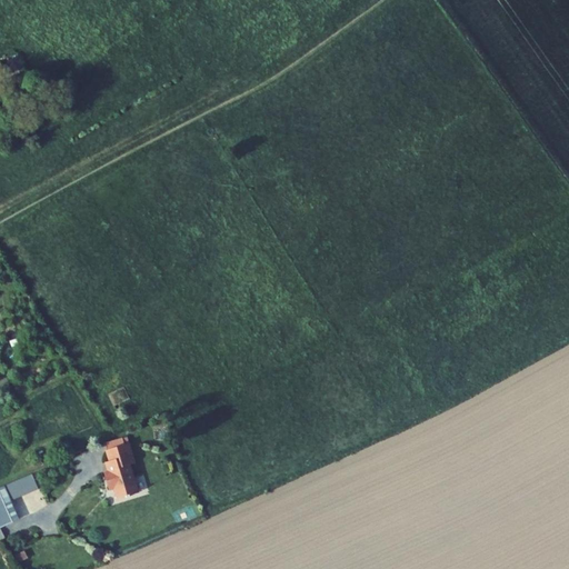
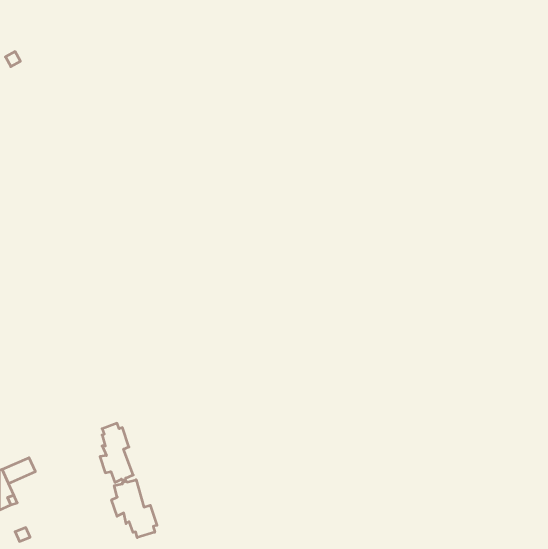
building: none -> [112,480,157,538]

